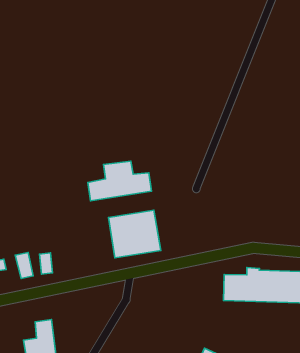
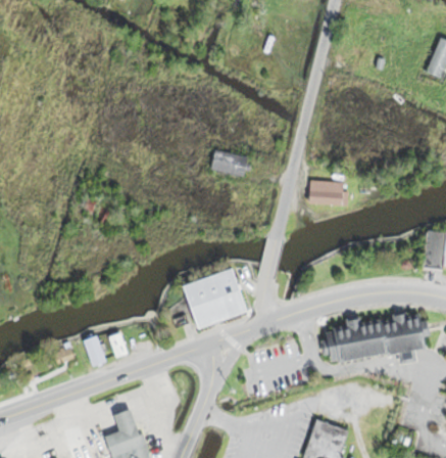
building: none -> [210,149,248,176]
building: none -> [309,181,346,203]
building: [88,161,151,201] -> none

